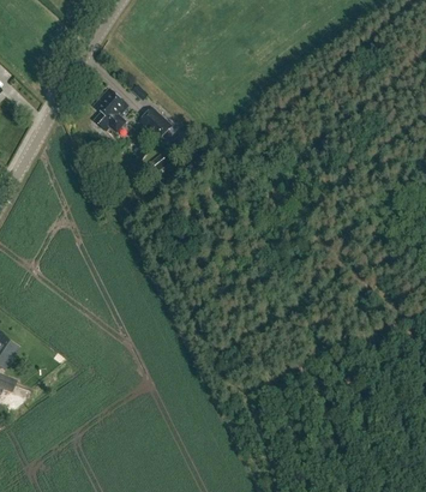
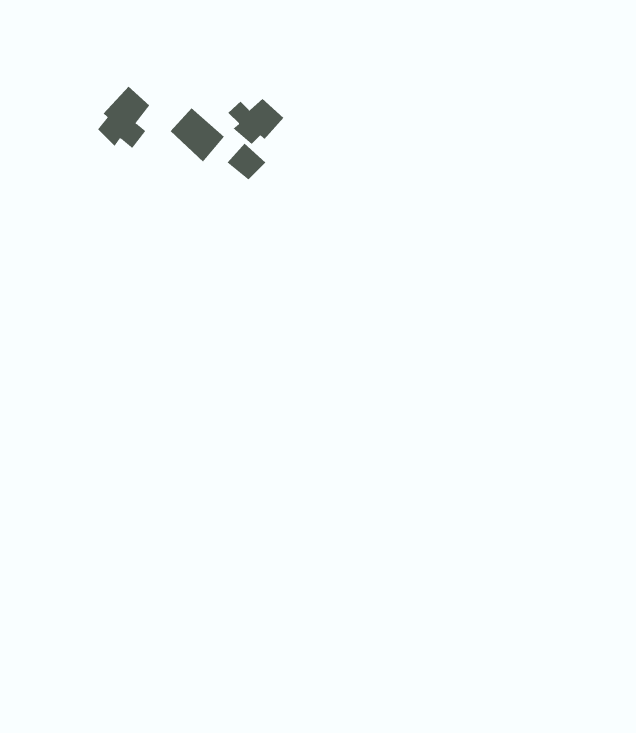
building: none -> [227,98,284,145]

